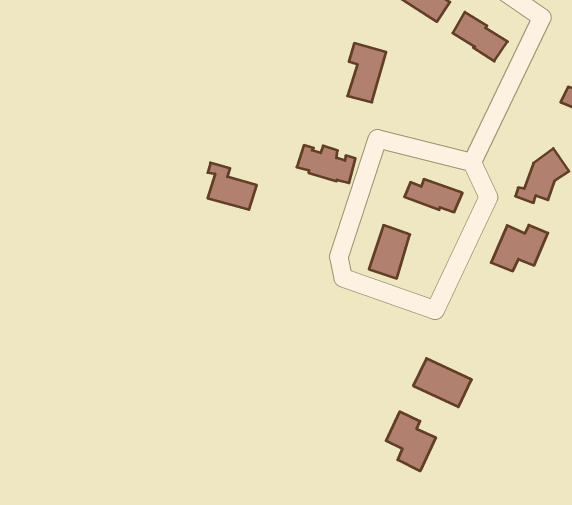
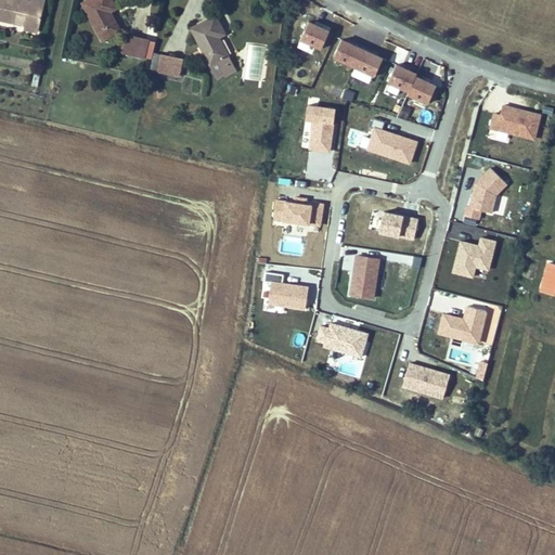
building: none -> [365,119,416,164]
building: [208,163,257,210] -> [264,273,308,308]
building: none -> [317,322,369,357]
building: none -> [438,308,488,345]
building: [386,412,436,471] -> none

